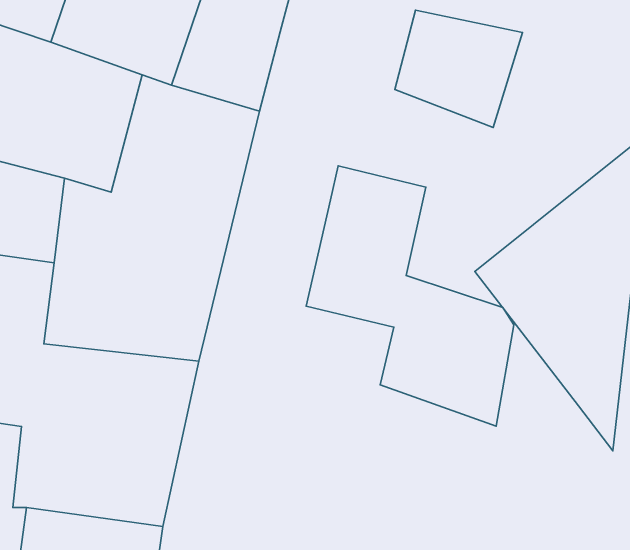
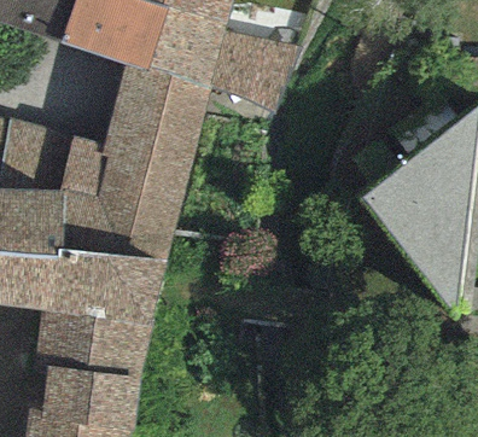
building: [395,10,522,128] -> [208,33,297,115]
building: [306,166,514,426] -> none

